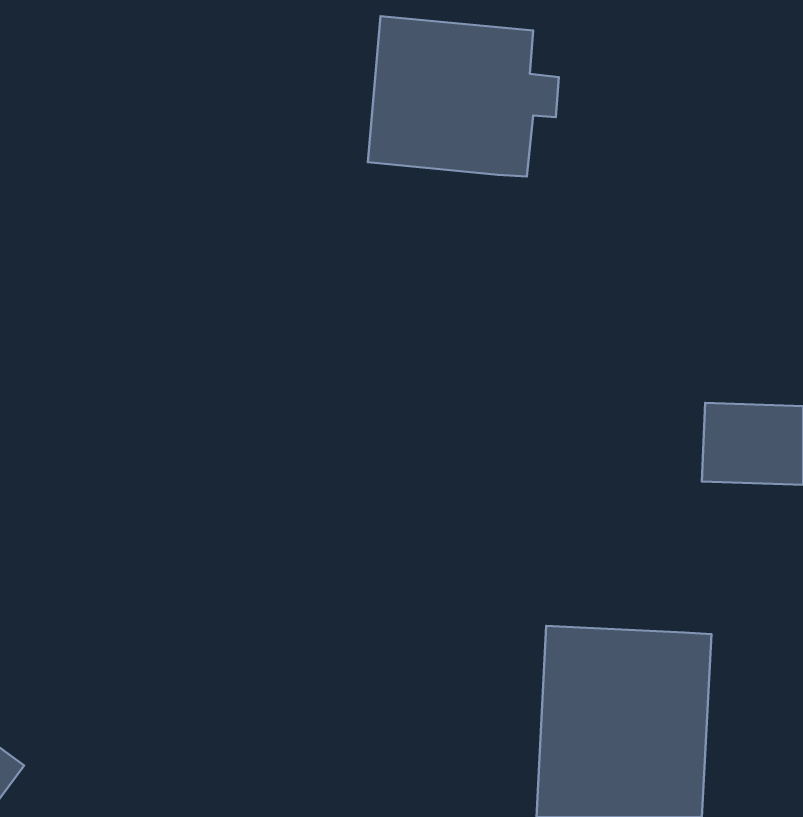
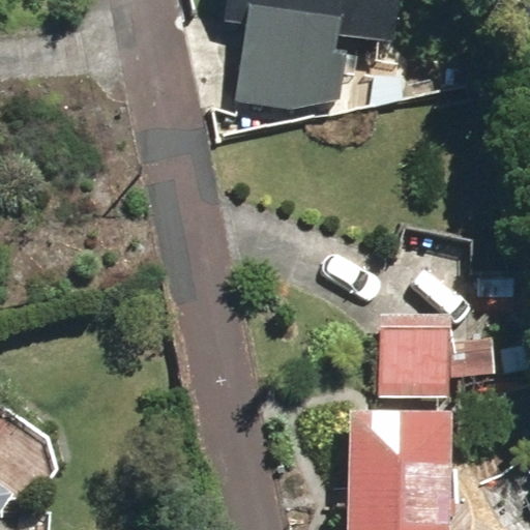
building: none -> [374,325,493,408]

